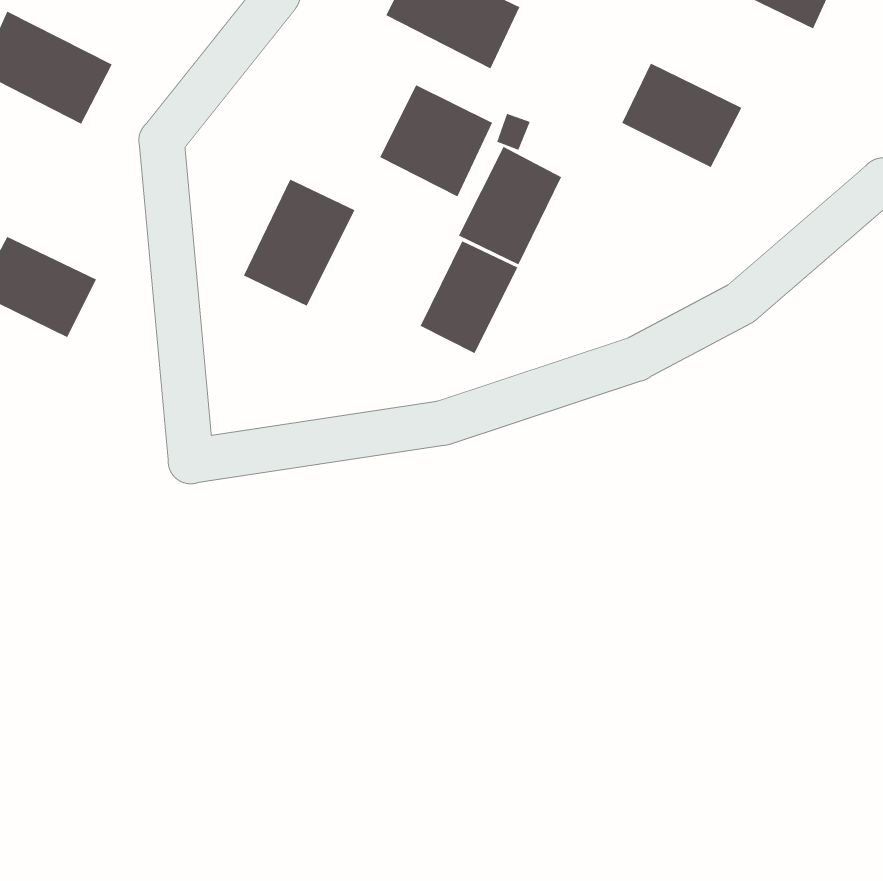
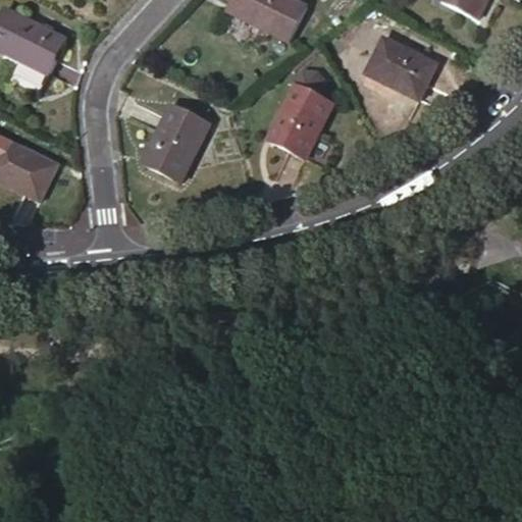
building: [379,84,493,197] -> none
building: [419,240,518,354] -> none

